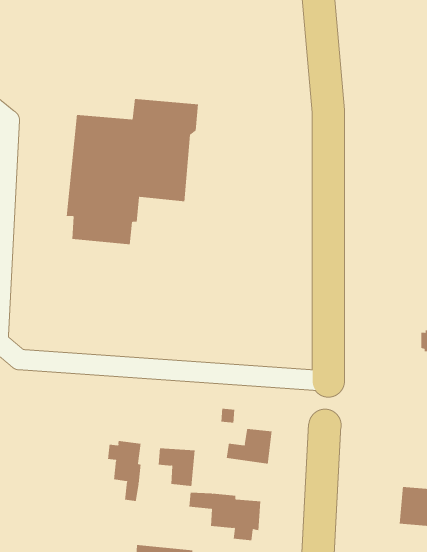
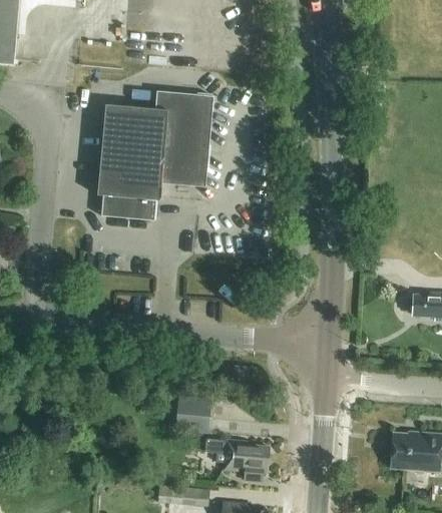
building: [226,428,272,465] -> none
building: [108,440,141,502] -> none

